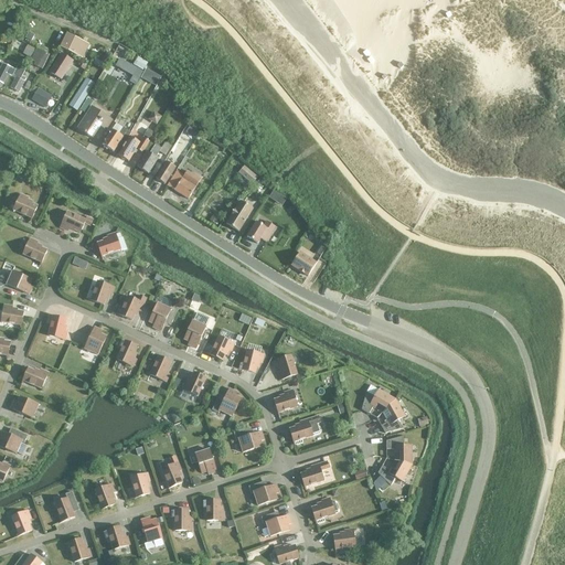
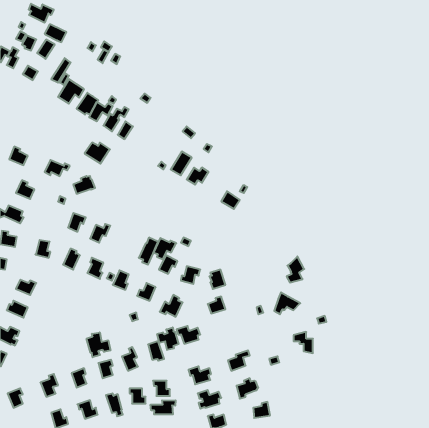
building: none -> [29,4,54,23]
building: [166,169,199,196] -> [85,143,110,164]
building: [147,301,177,329] -> [154,238,176,259]
building: [380,397,403,431] -> [287,256,304,283]
building: [288,414,320,444] -> none
building: none -> [157,327,179,350]
building: none -> [87,332,110,357]
building: [376,458,411,489] -> none
building: none -> [151,400,176,414]

